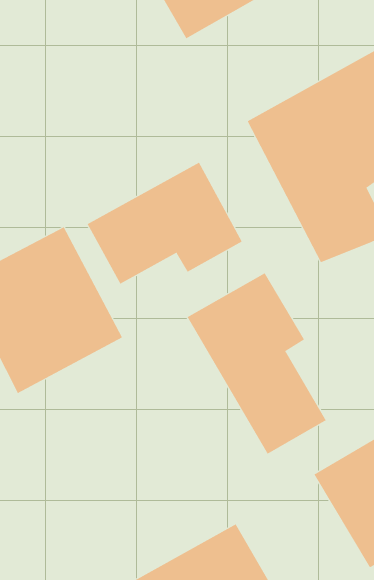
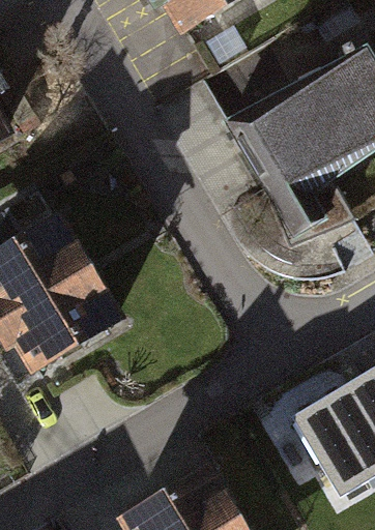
building: [87,162,242,284] -> none
building: [187,273,326,455] -> none

